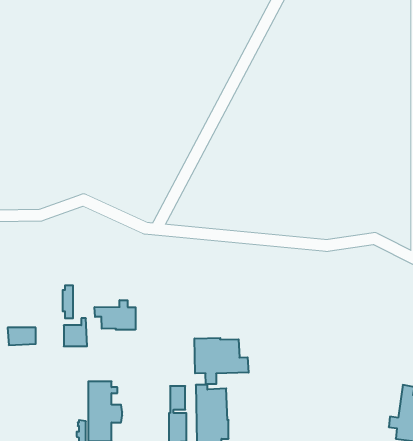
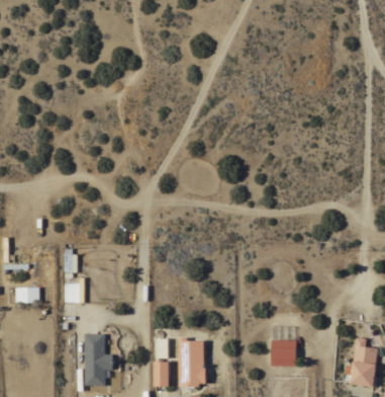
building: [95,300,136,330] -> none
building: [195,338,249,384] -> none
building: none -> [271,340,297,367]

